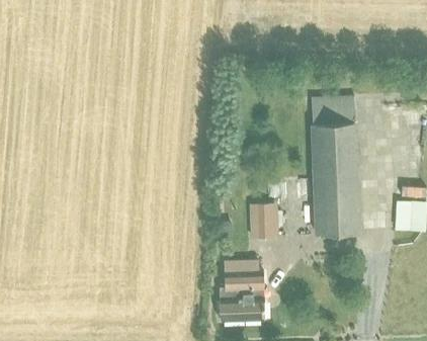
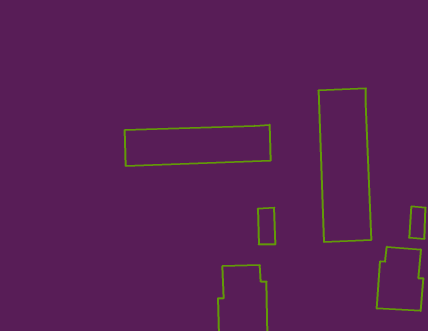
building: none -> [125,125,270,166]
building: none -> [377,247,423,311]

